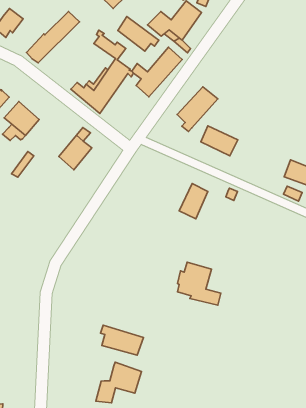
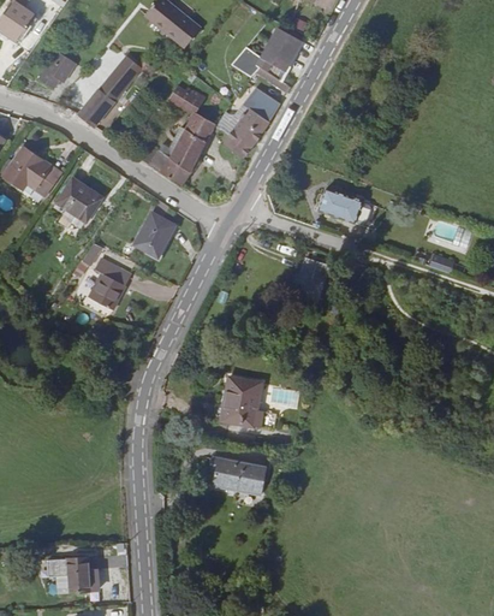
building: [118,17,159,51] -> none
building: [177,87,218,132] -> none
building: none -> [90,261,132,310]
building: [178,262,221,305] -> [221,378,279,430]
building: [96,362,141,403] -> none

